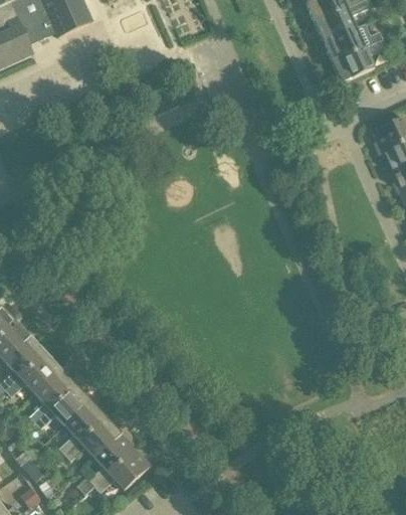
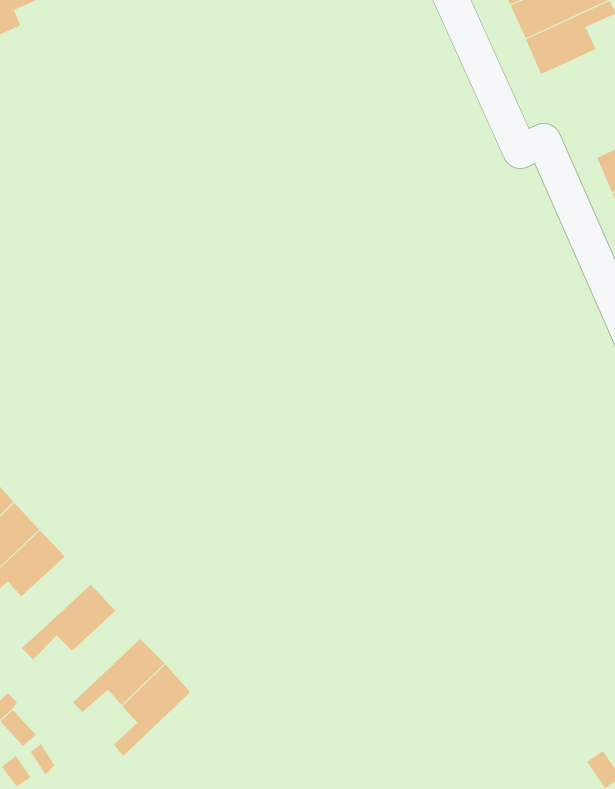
building: [29,367,75,421] -> none
building: [58,399,105,454] -> none
building: [94,448,151,492] -> none

